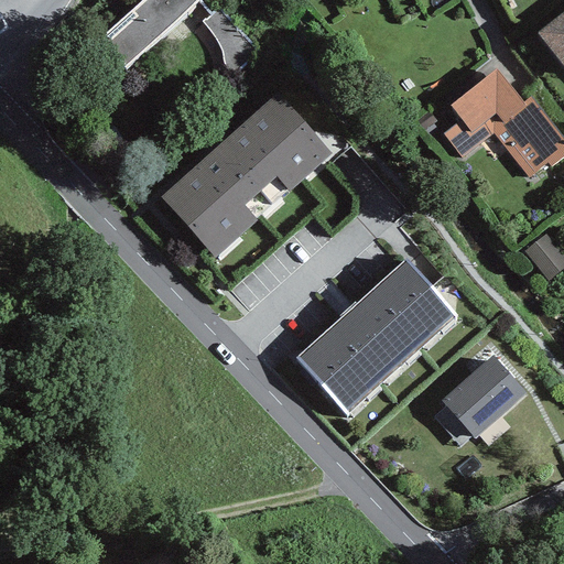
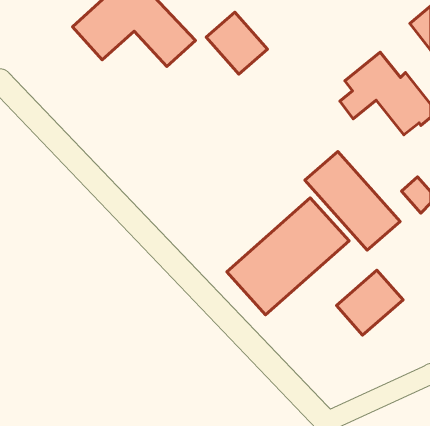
building: none -> [206,12,268,74]
building: [160,93,333,258] -> none
building: none -> [305,151,400,250]

